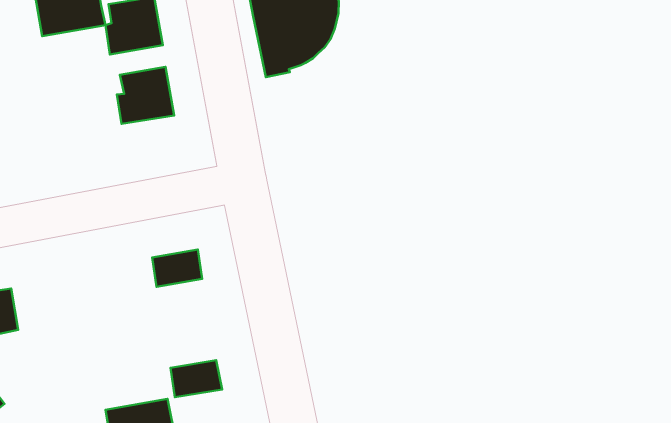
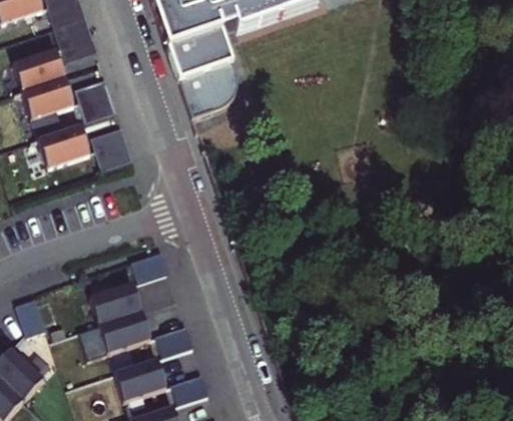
building: none -> [39,122,91,163]
building: none -> [90,280,151,351]

